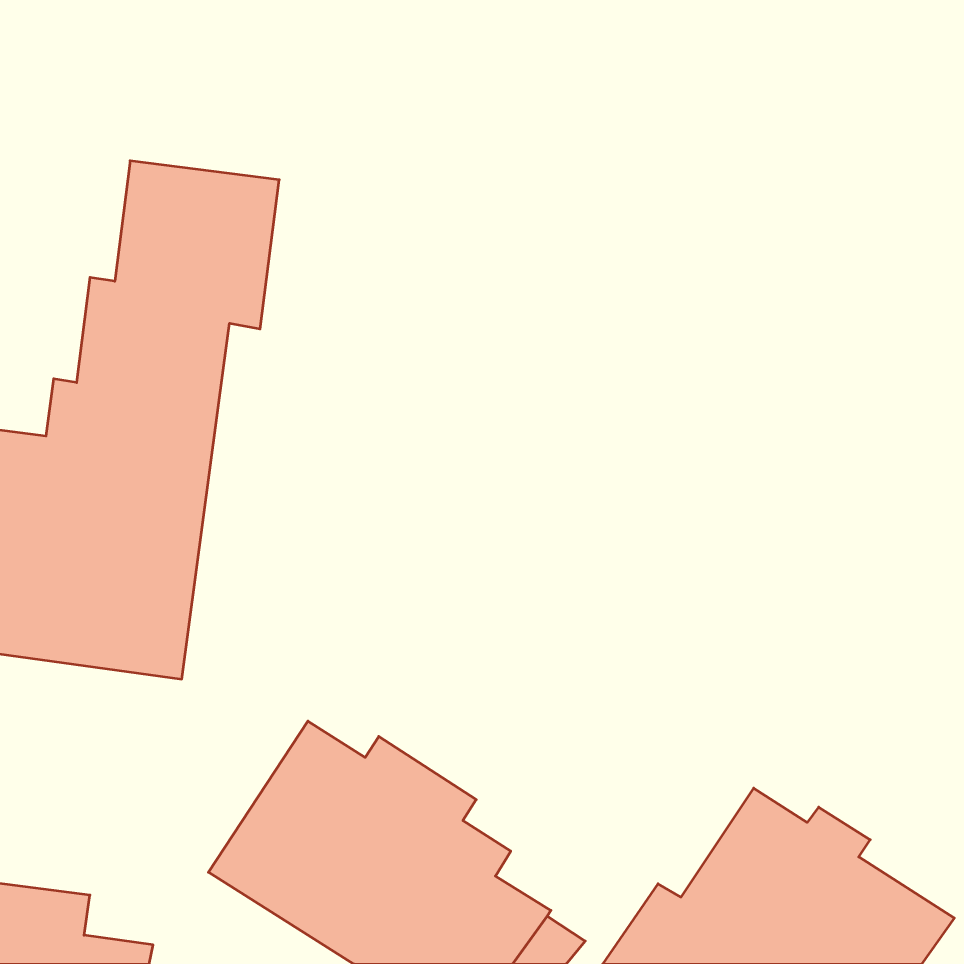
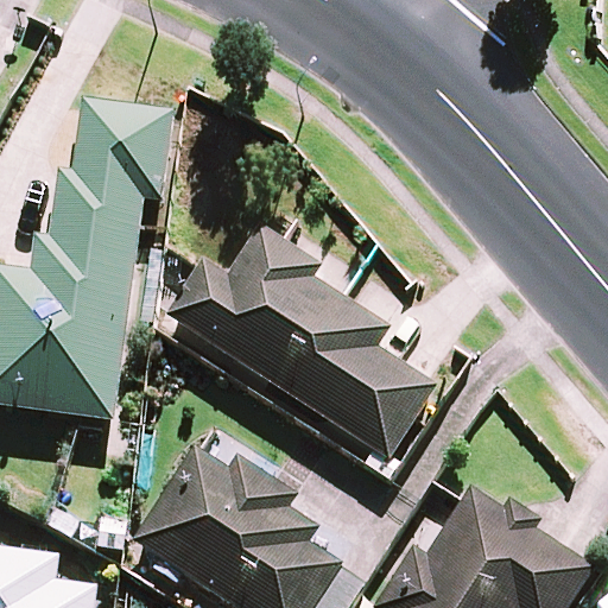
building: none -> [164,227,436,462]

